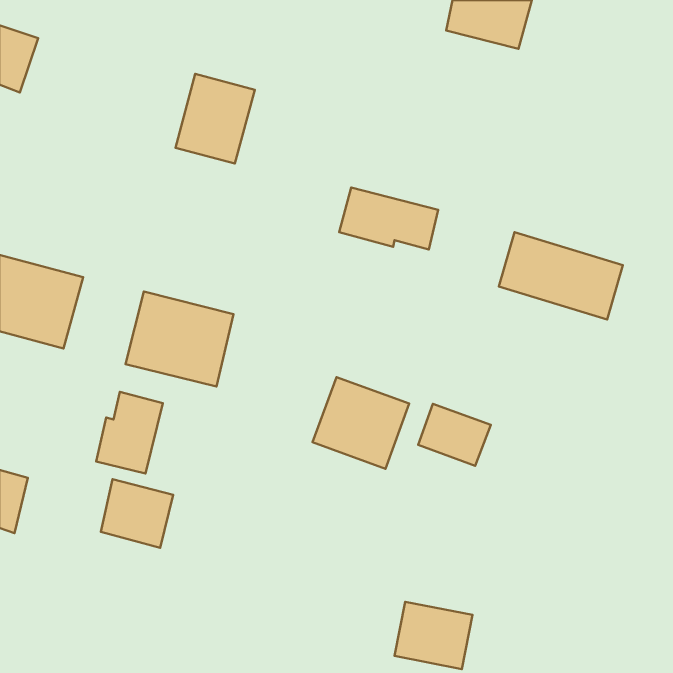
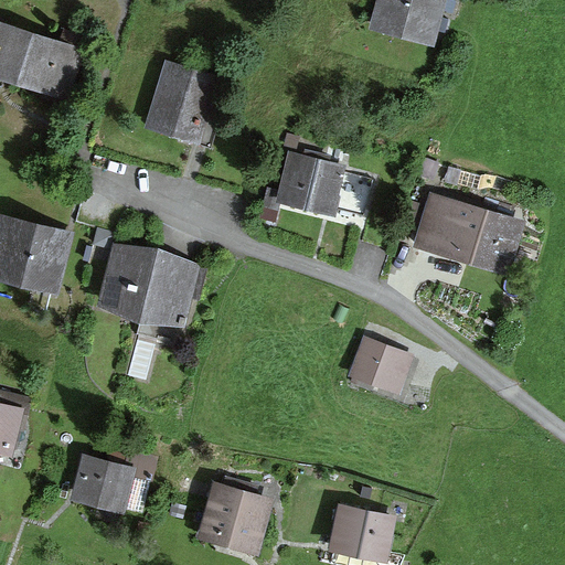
building: none -> [17,33,72,92]
building: [313,377,409,469] -> none
building: [96,392,163,473] -> none
building: [101,479,173,548] -> [68,458,129,515]
building: none -> [199,484,271,552]

